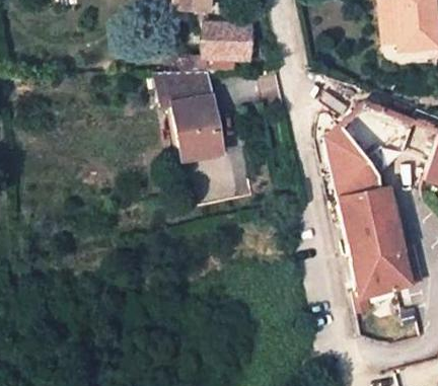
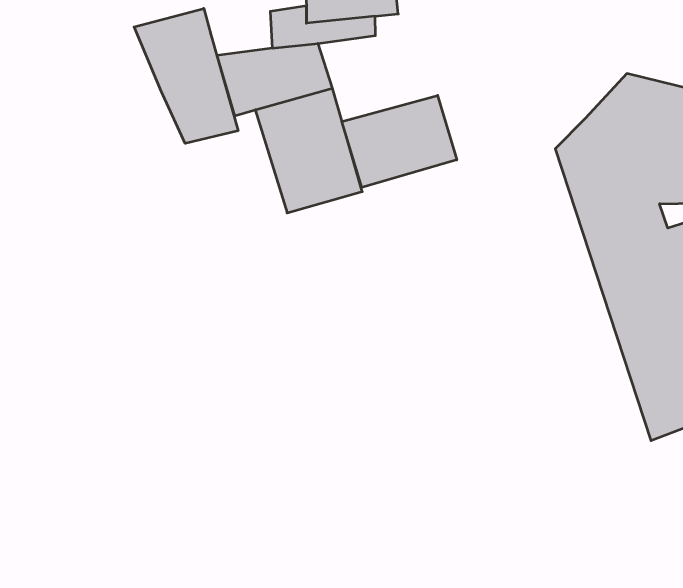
building: none -> [134,8,238,143]
building: none -> [342,95,457,187]

